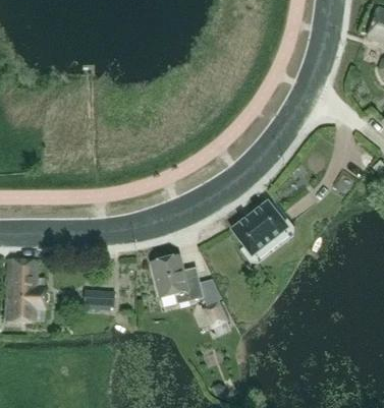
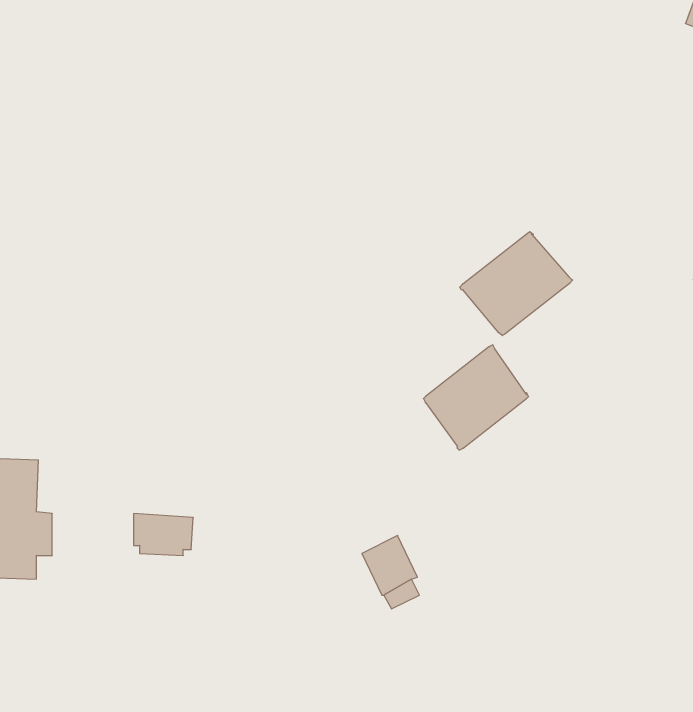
building: none -> [460,232,573,336]
building: [151,253,204,302] -> none

